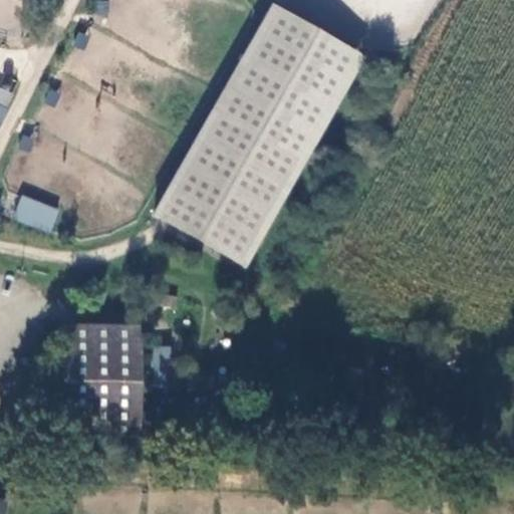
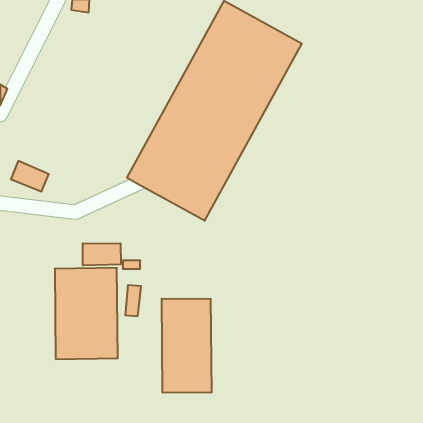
building: none -> [83,243,121,266]
building: none -> [162,299,211,393]

